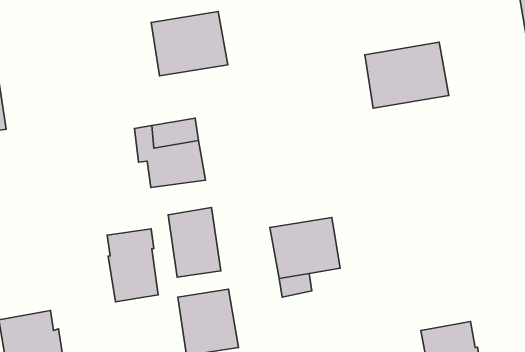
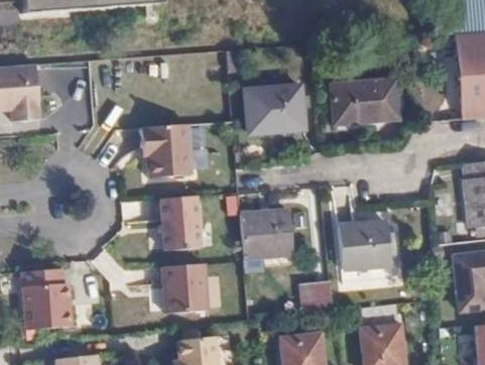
building: [151,12,228,76] -> [243,86,301,133]
building: none -> [341,222,400,283]
building: [107,229,158,302] -> none
building: none -> [300,280,336,314]

